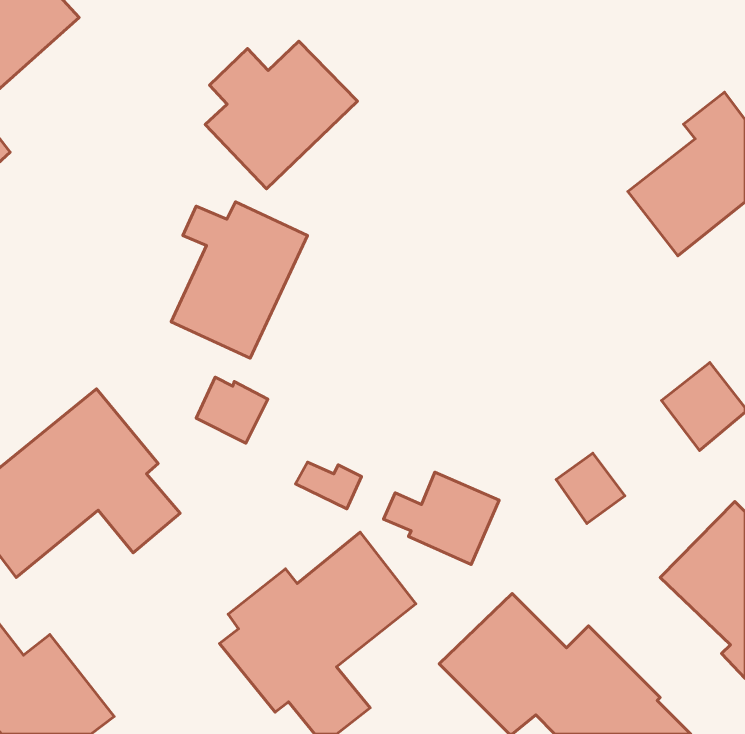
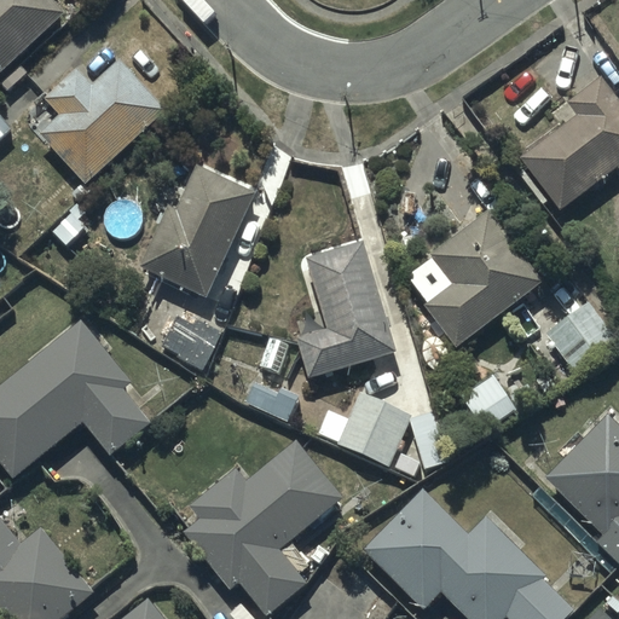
building: [205,41,357,189] -> [40,62,166,184]
building: none -> [424,214,542,348]
building: none -> [296,242,397,378]

